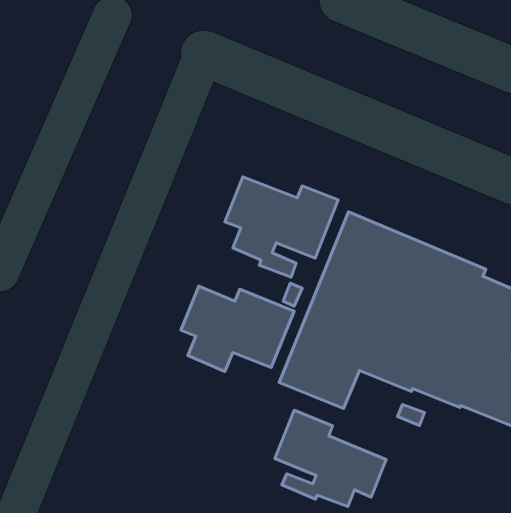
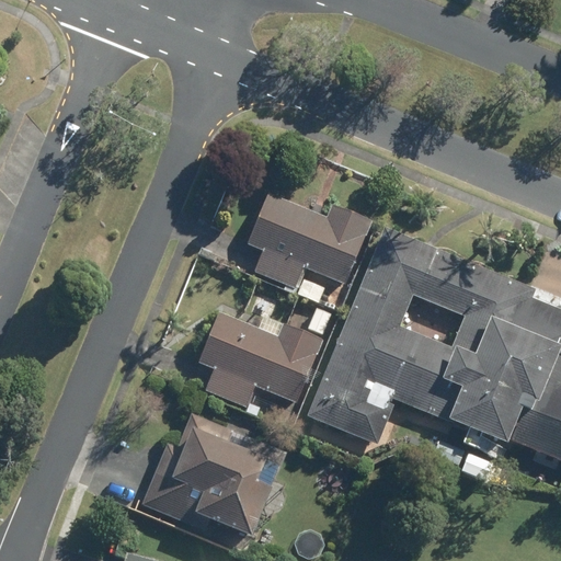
building: none -> [142,417,279,539]
building: [275,410,386,507] -> none

